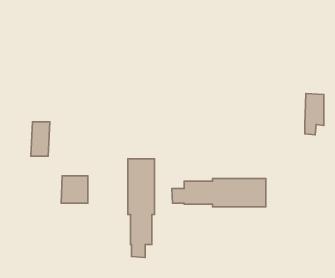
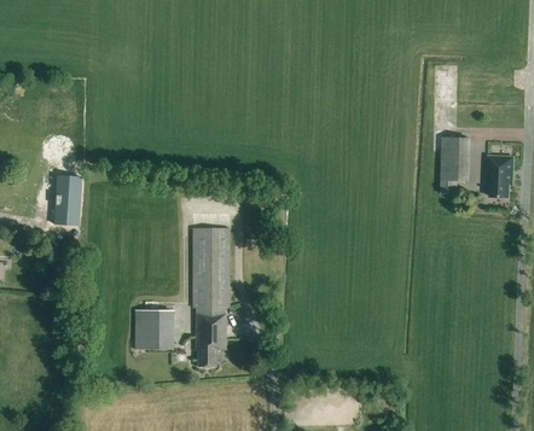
building: [61,176,88,203] -> [134,310,172,349]
building: [172,179,266,207] -> none

